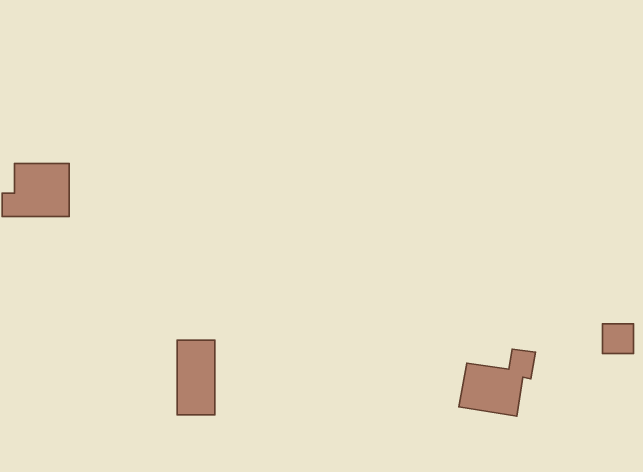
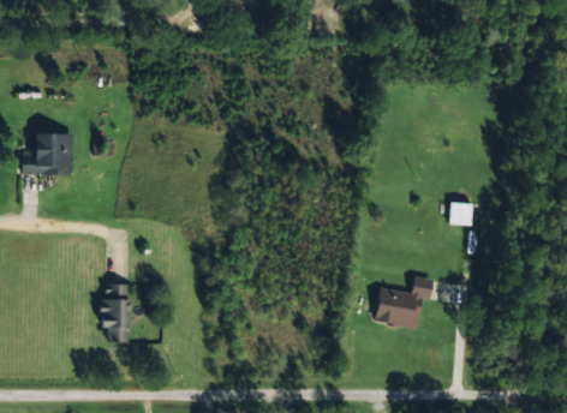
building: [602,324,634,353] -> [450,202,475,225]
building: [177,340,215,415] -> [100,283,129,341]

